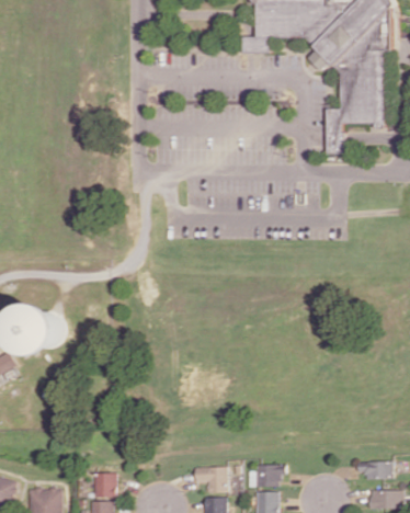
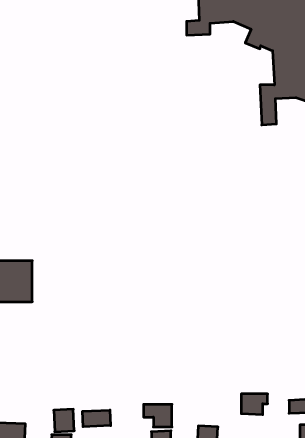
building: [253,464,283,487] -> [241,394,268,415]
building: none -> [83,410,111,427]

